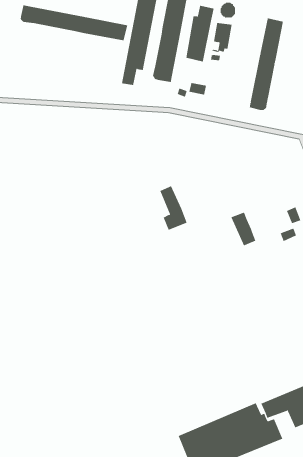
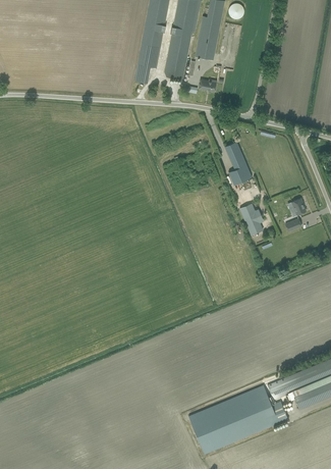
building: [20,5,128,41] -> none
building: [249,17,284,111] -> none
building: [160,185,187,230] -> [225,142,252,185]

